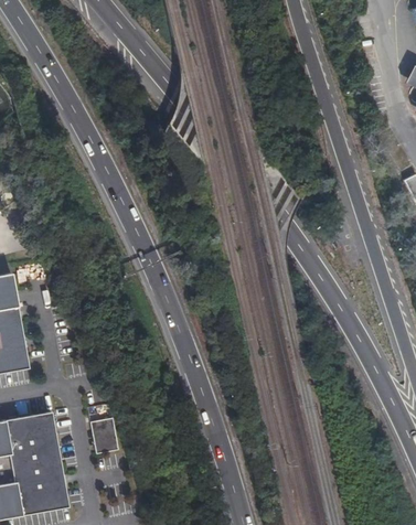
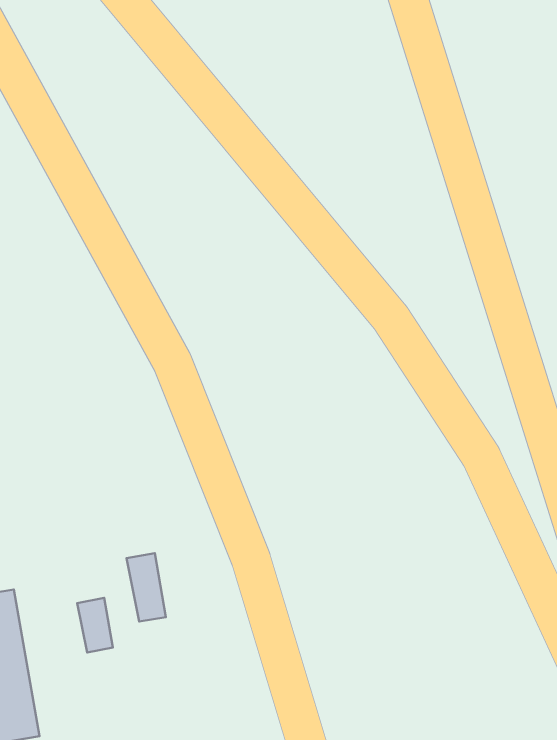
building: none -> [127,553,166,622]

